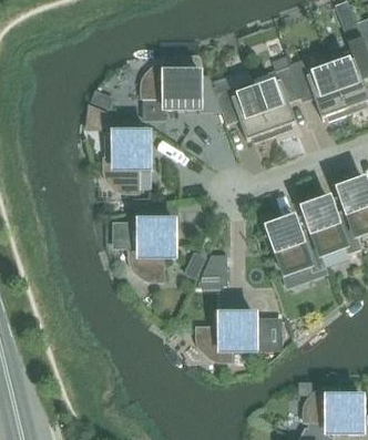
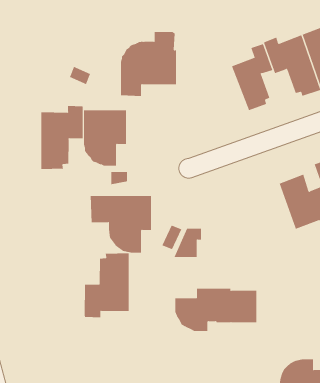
building: [214,81,274,142] -> none
building: none -> [41,105,83,170]
building: [268,208,326,275] -> none
building: none -> [84,253,129,318]

